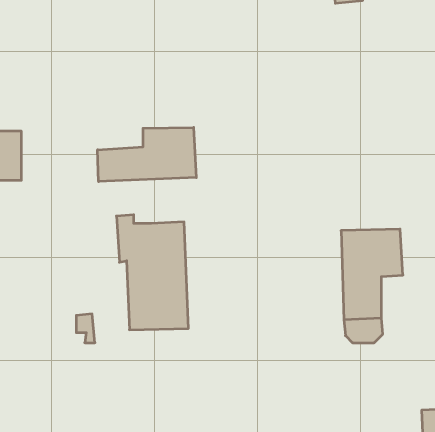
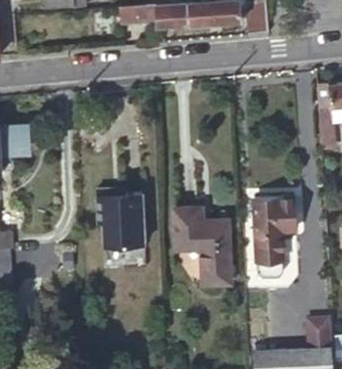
building: [98,127,196,182] -> none
building: none -> [176,208,230,283]

